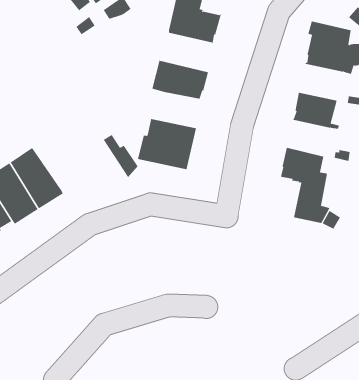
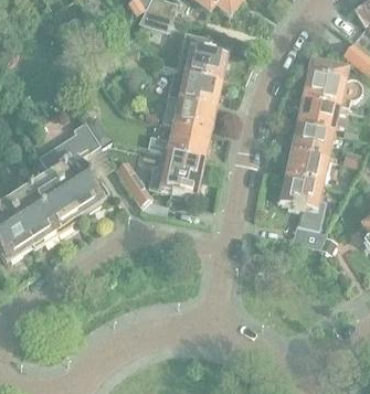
building: none -> [168,67,220,105]
building: none -> [297,97,339,131]
building: none -> [39,120,107,213]
building: none -> [147,124,208,157]
building: none -> [286,149,327,183]

